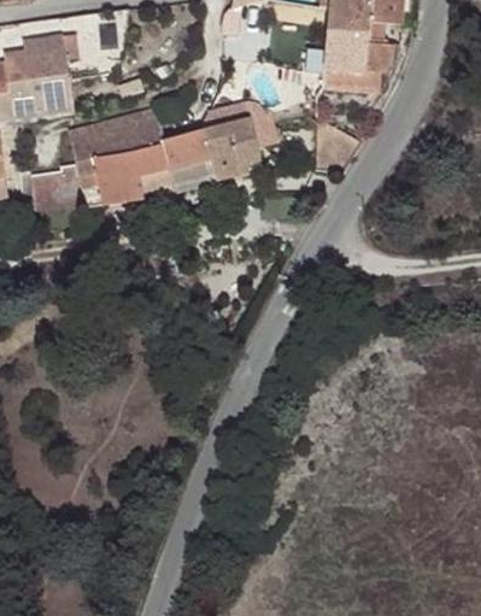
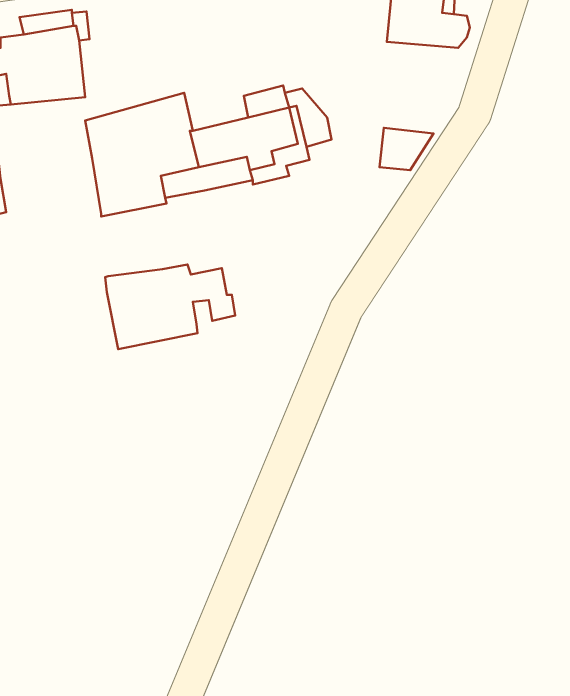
building: [319,42,395,88] -> none
building: [20,160,86,216] -> none
building: none -> [105,265,235,349]

